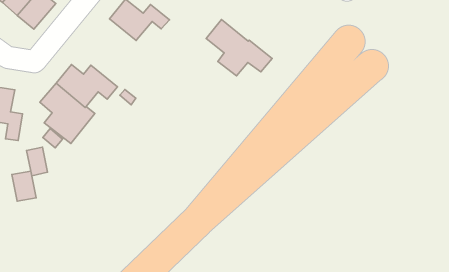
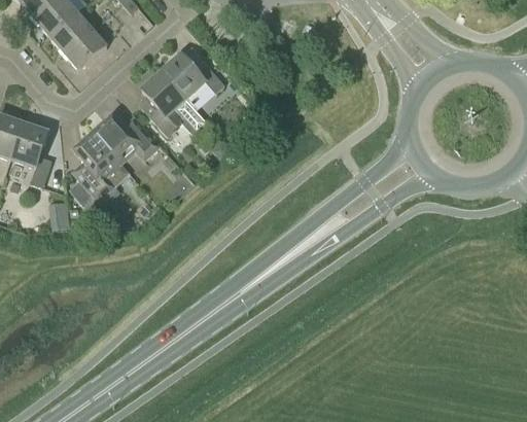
building: [206,20,272,76] -> [141,73,208,136]
building: [12,171,36,201] -> none

